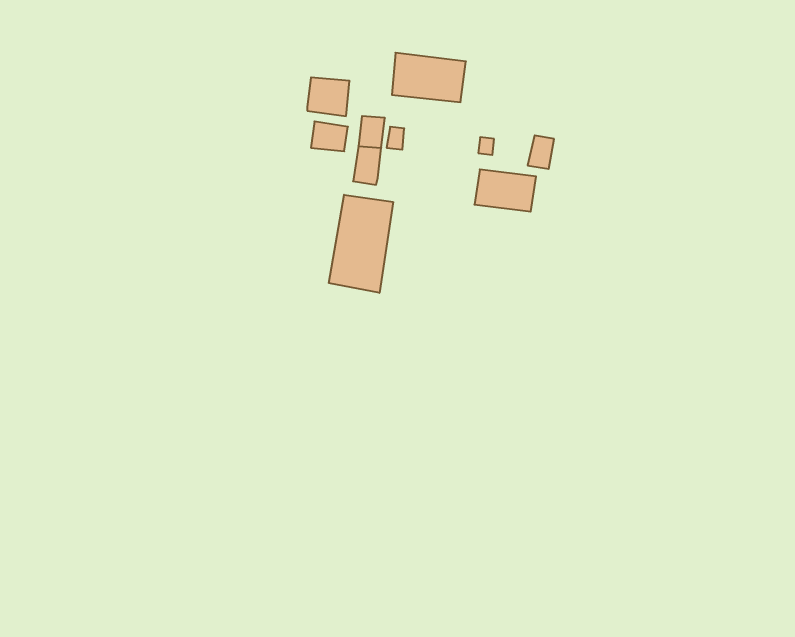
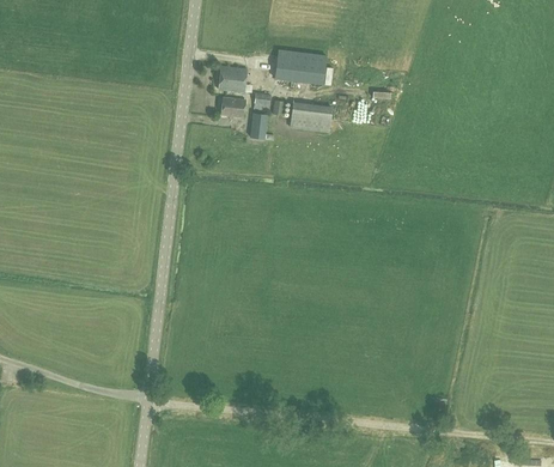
building: [474,169,536,212] -> [288,104,330,133]
building: [329,195,393,293] -> none

